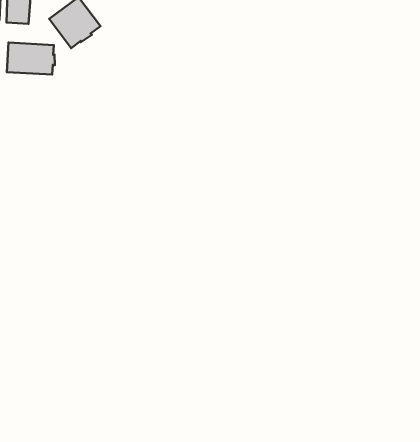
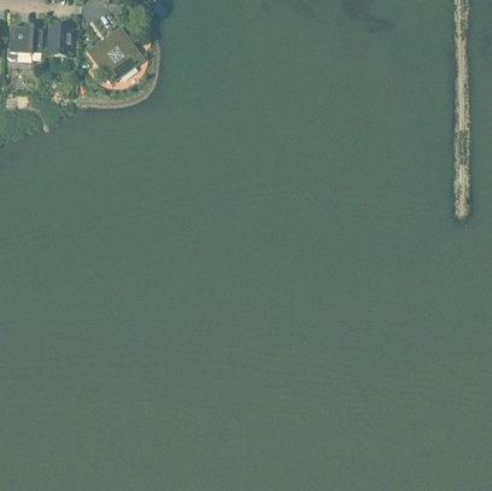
building: [7,43,55,75] -> none

